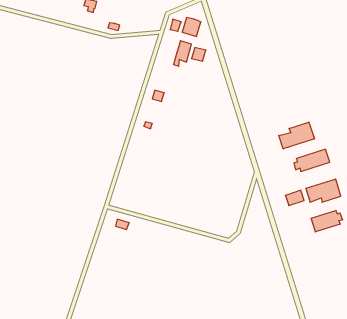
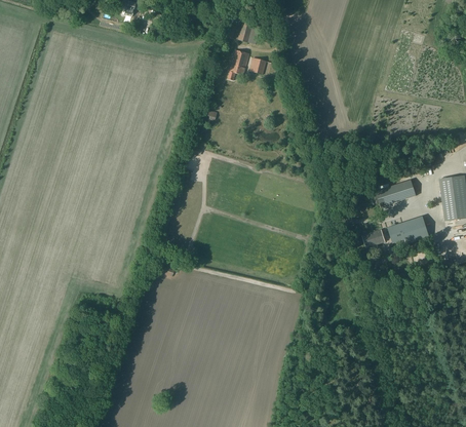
building: [279,122,314,149] -> none
building: [311,210,343,232] -> none

